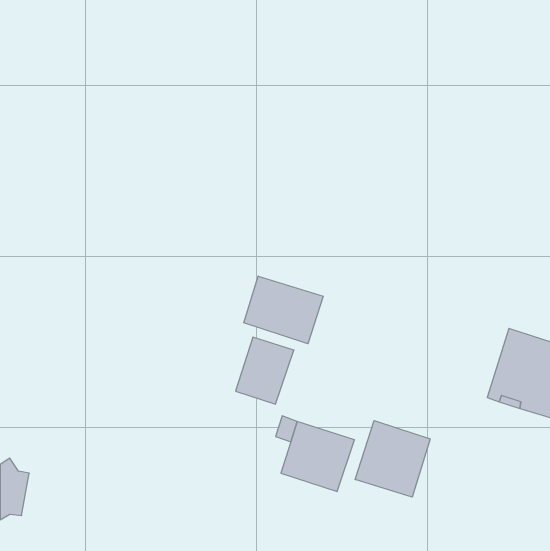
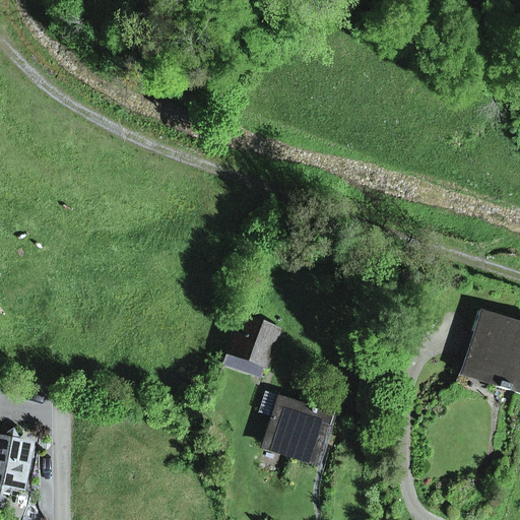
building: [244,276,323,344] -> none
building: [355,421,430,497] -> none

